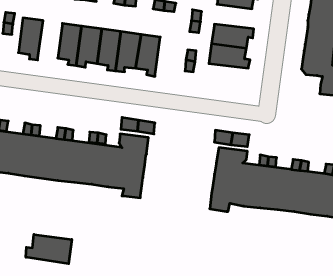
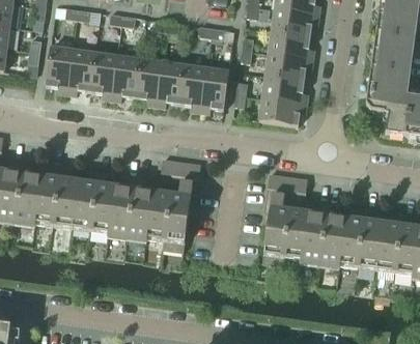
building: none -> [269,29,314,57]
building: none -> [68,48,96,94]
building: none -> [201,66,230,112]
building: none -> [259,96,307,123]
building: [26,234,72,264] -> none

